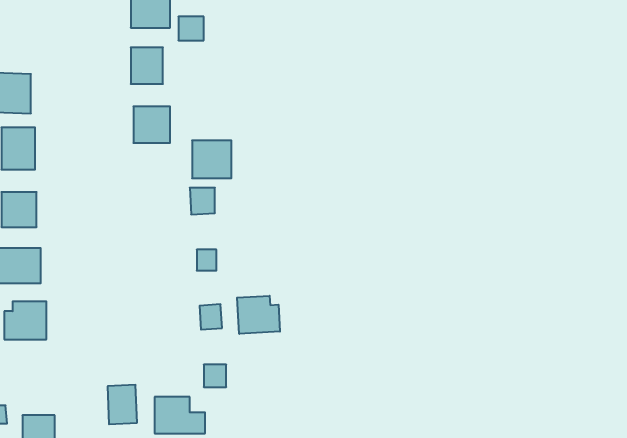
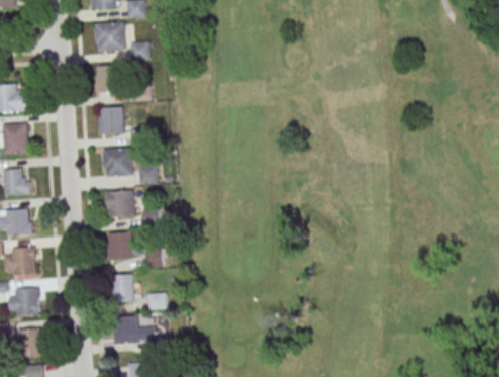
building: [192,140,231,178] -> [103,148,131,175]
building: none -> [107,190,133,216]
building: none -> [107,231,138,260]
building: [237,296,280,334] -> none
building: none -> [9,288,38,315]
building: [108,385,137,424] -> [112,274,133,302]

